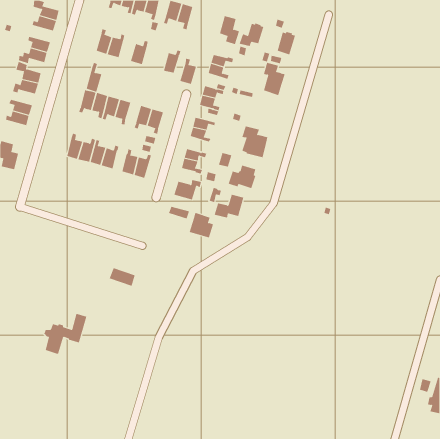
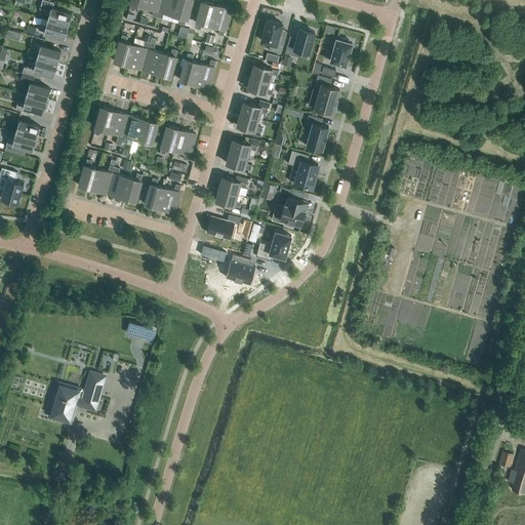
building: [180,58,197,85] -> [179,54,200,86]
building: [86,62,102,92] -> [142,39,161,75]
building: none -> [304,116,328,152]

